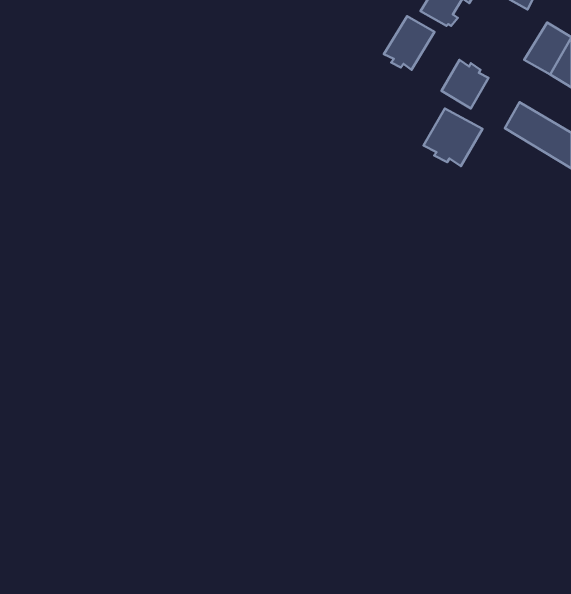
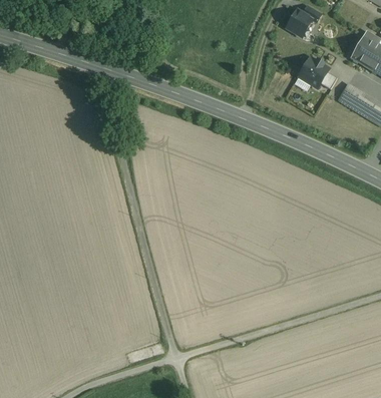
building: [384,16,435,70] -> none
building: [423,108,482,166] -> none

